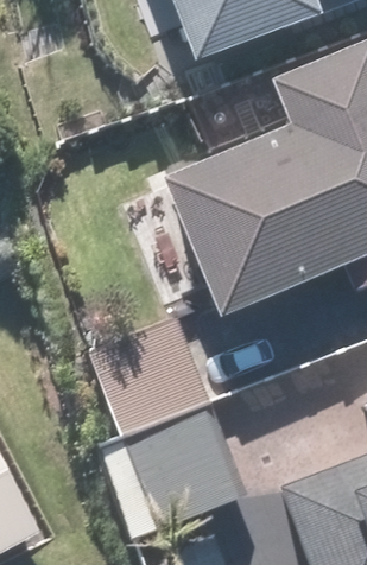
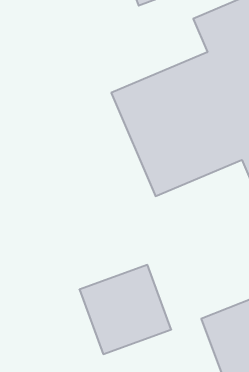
building: [89,315,208,430] -> none

